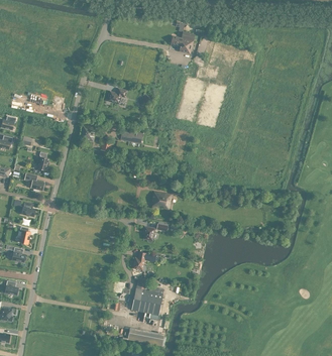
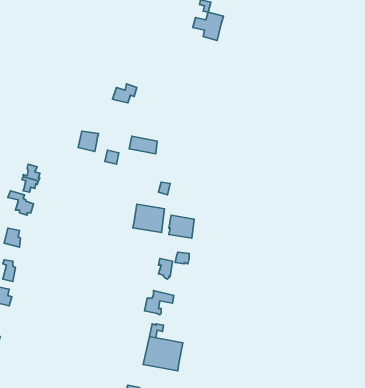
building: none -> [133,204,164,232]

